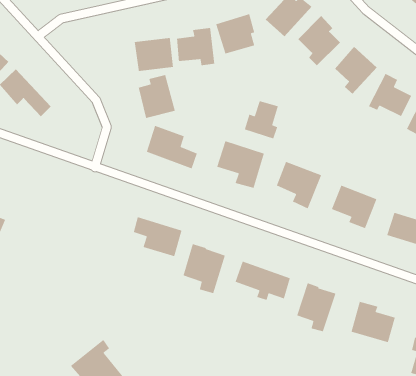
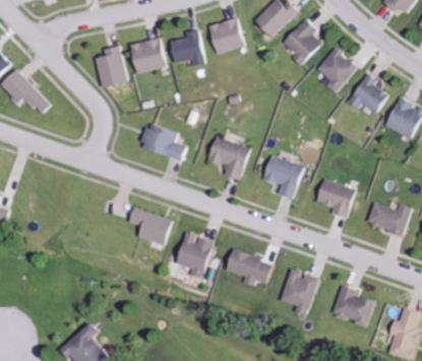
building: [138,74,176,119] -> [94,46,129,87]
building: [244,100,279,139] -> none

